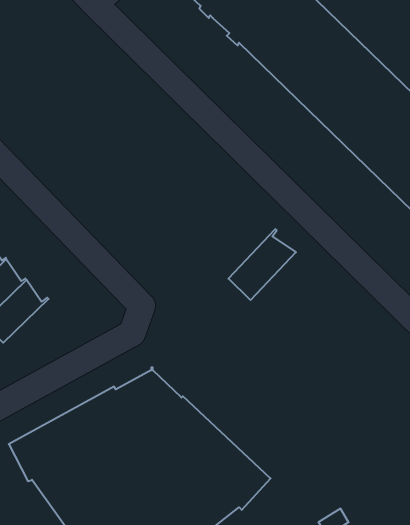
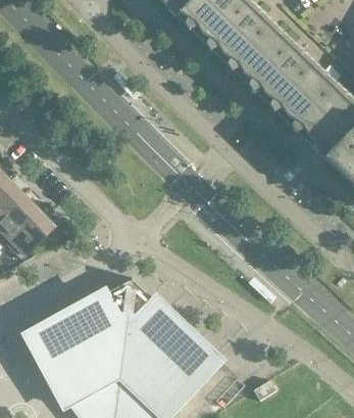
building: [228,229,296,300] -> none

